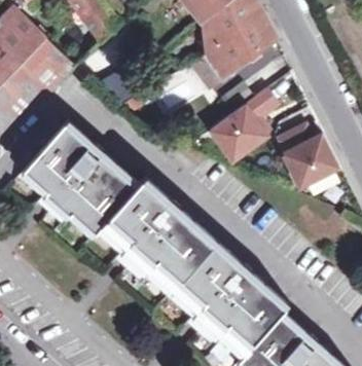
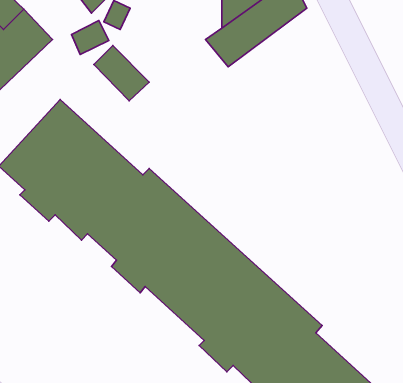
building: [211,89,277,161] -> none
building: [276,127,338,188] -> none

